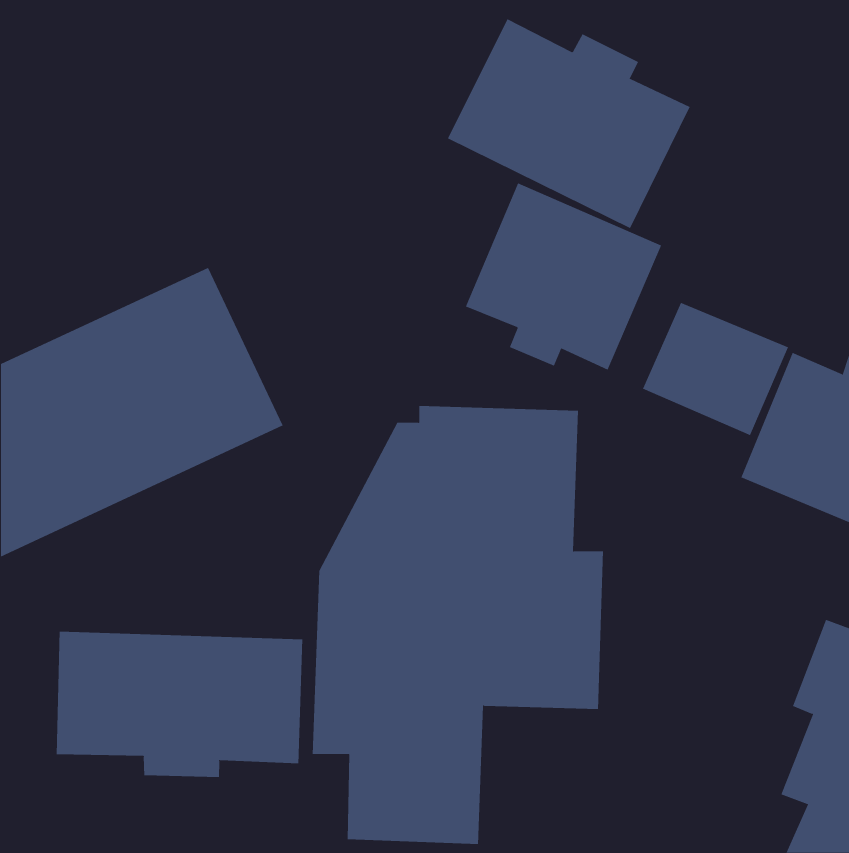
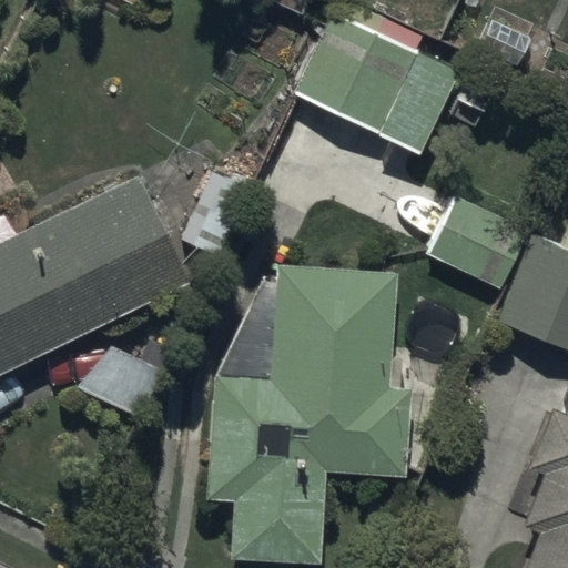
building: [465,183,662,370] -> none
building: [56,631,303,778] -> none

